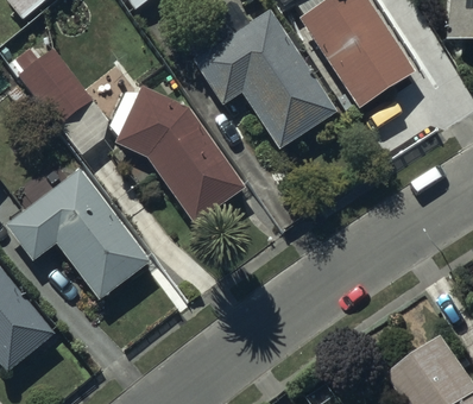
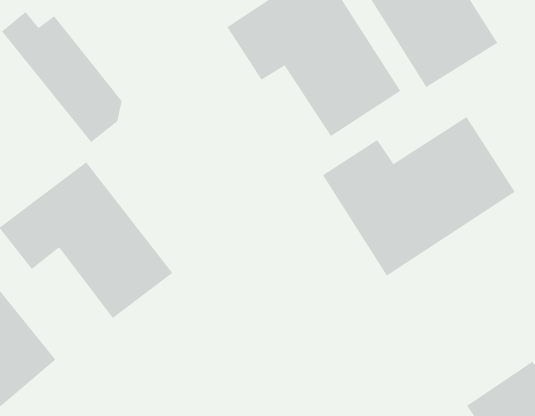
building: [109,80,244,222] -> none
building: none -> [322,116,516,276]

